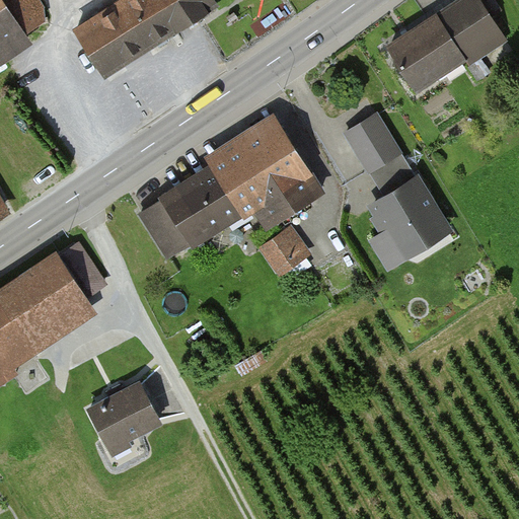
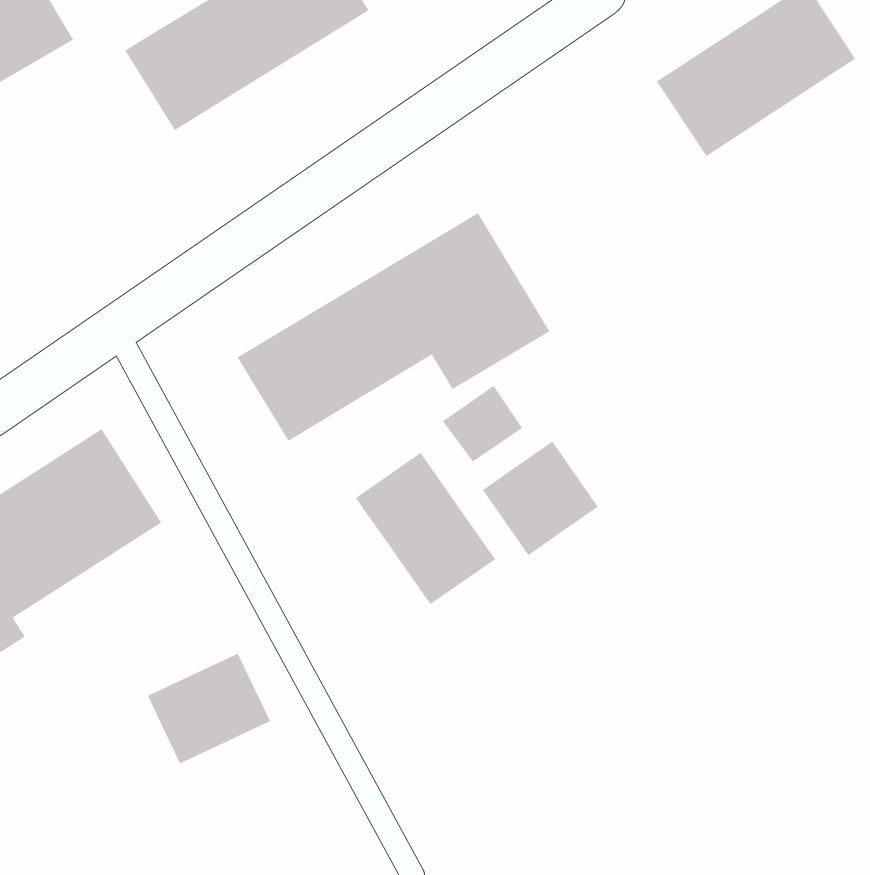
building: [344,110,451,273] -> none
building: none -> [482,441,599,556]
building: none -> [355,452,496,605]

